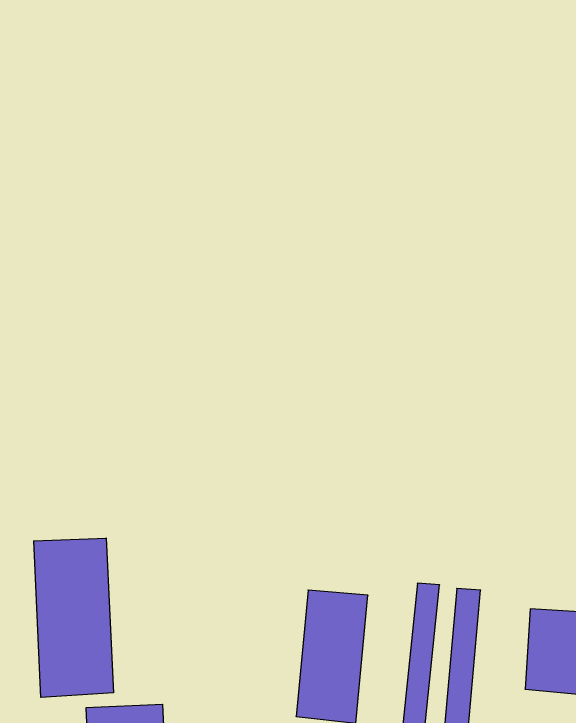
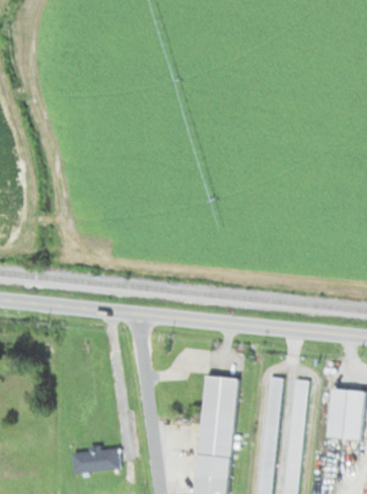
building: [34,538,113,697] -> none

